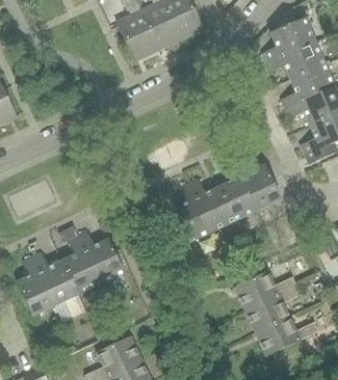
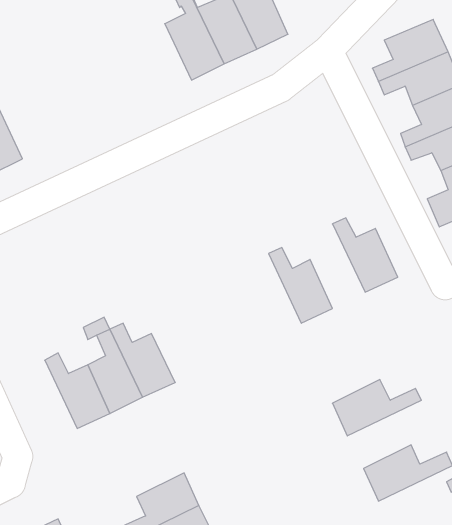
building: [218,161,257,220] -> none
building: [173,182,212,241] -> none
building: [17,256,55,315] -> none
building: [244,284,301,332] -> none

